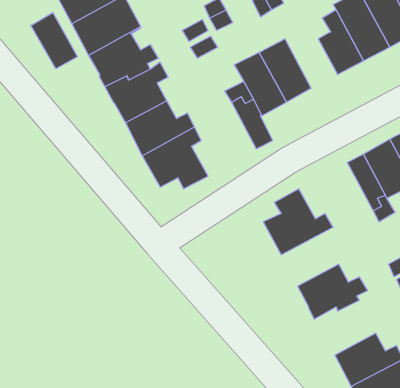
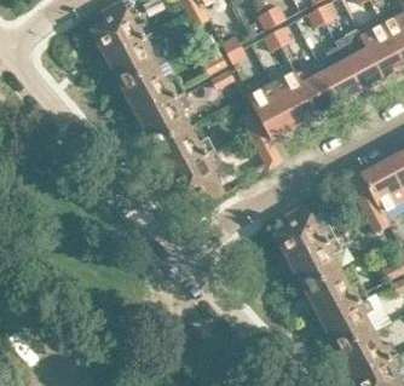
building: [31,12,77,69] -> none
building: none -> [294,69,339,115]
building: none -> [289,237,341,289]
building: none -> [318,296,374,350]

